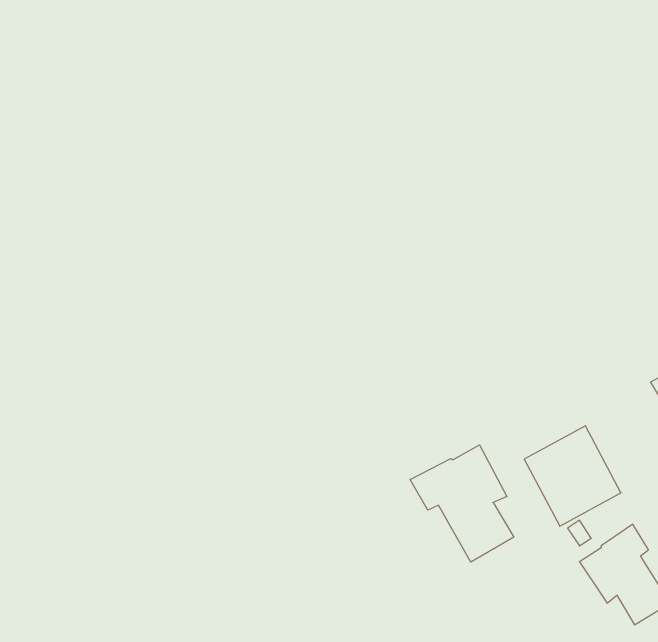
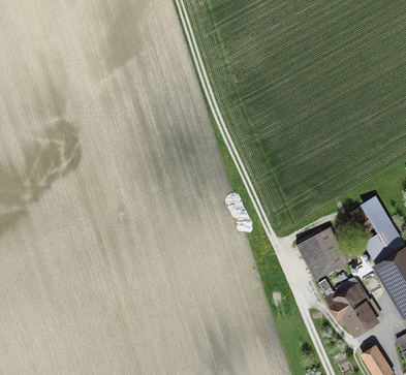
building: [410,445,514,562] -> none

